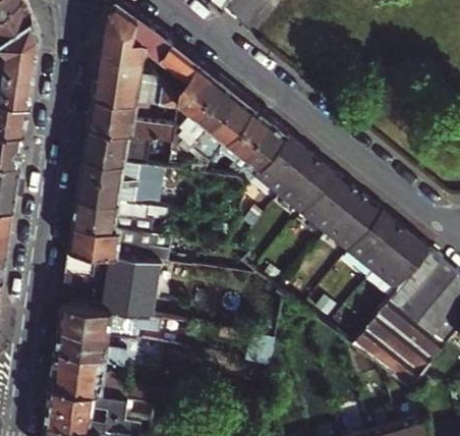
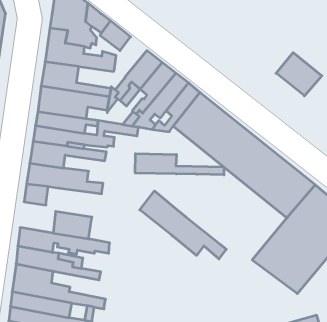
building: [177,65,219,117] -> none
building: none -> [276,53,322,96]
building: none -> [135,154,224,175]
building: [104,257,154,293] -> none
building: none -> [140,191,226,259]

